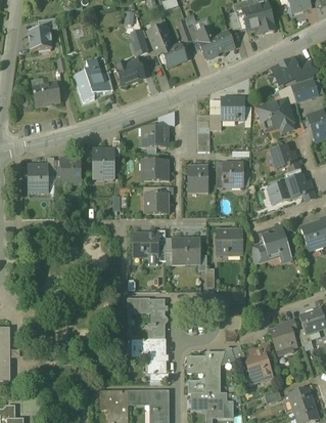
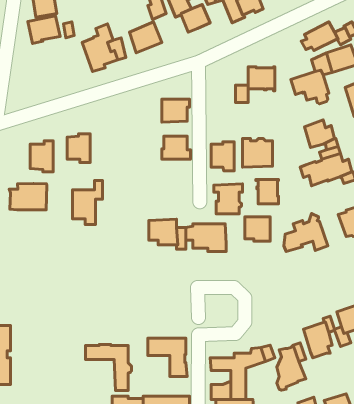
building: [32,83,60,108] -> [28,16,60,43]
building: [93,139,120,178] -> [73,181,103,225]
building: [144,185,170,212] -> [214,184,243,214]
building: none -> [256,179,279,204]
building: none -> [9,184,47,210]
building: [127,297,168,338] -> [85,344,132,391]

